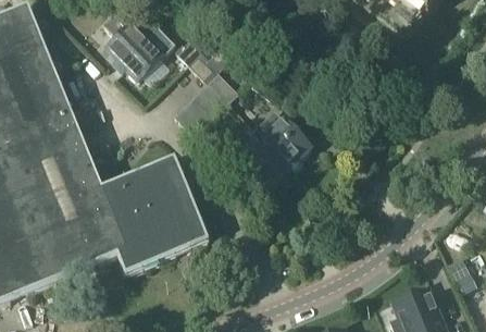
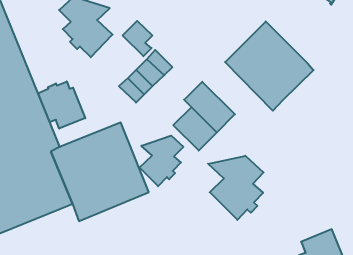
building: none -> [225,21,314,111]
building: none -> [38,81,85,129]
building: none -> [140,136,183,186]
building: none -> [208,156,264,220]

